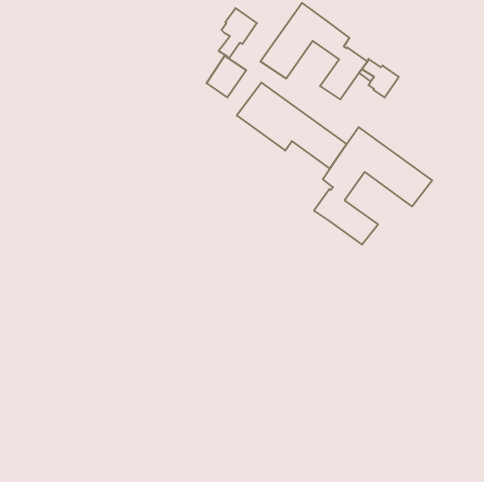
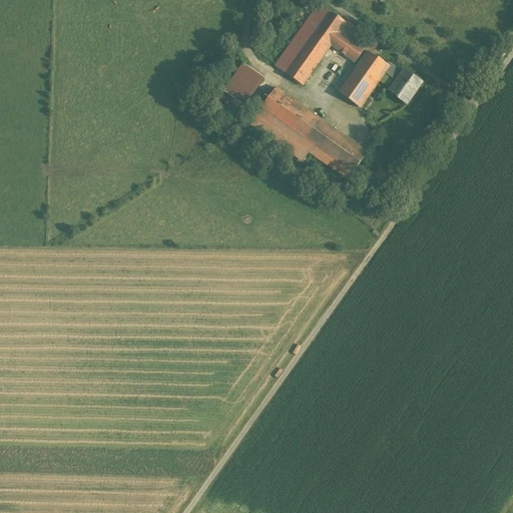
building: [219,8,257,59] -> none
building: [314,127,432,245] -> none

